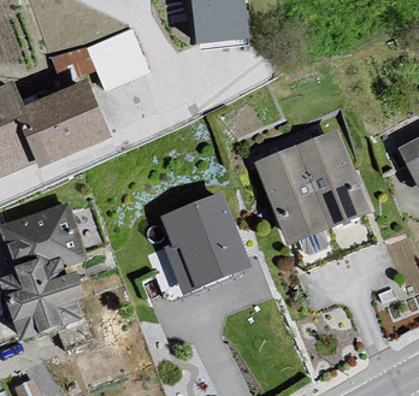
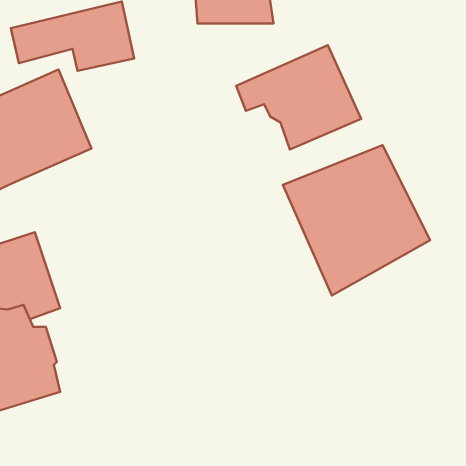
building: none -> [236,45,361,149]
building: [155,185,252,286] -> none

